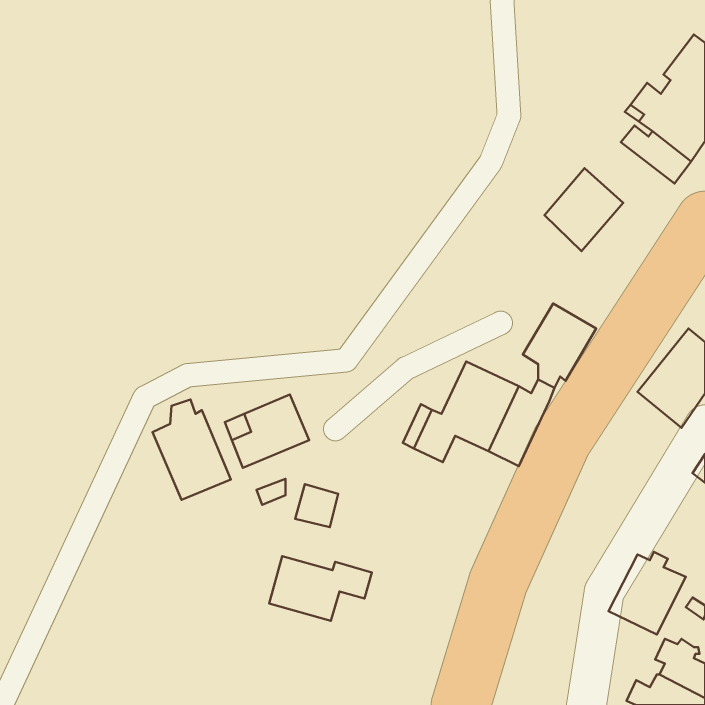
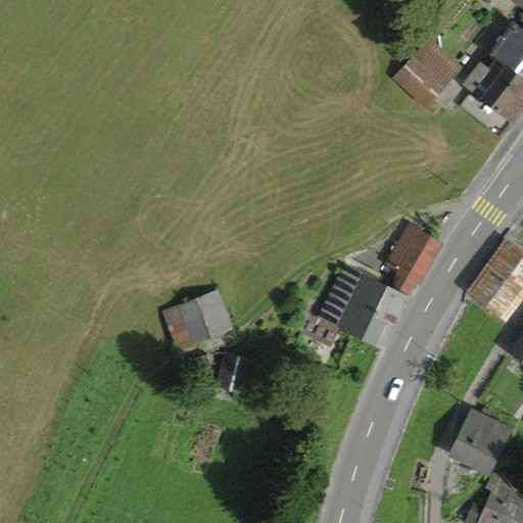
building: [544,168,623,251] -> [396,42,455,103]
building: [153,399,231,500] -> none
building: [269,556,372,621] -> none

